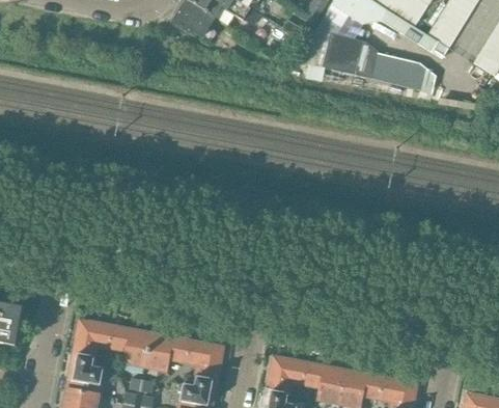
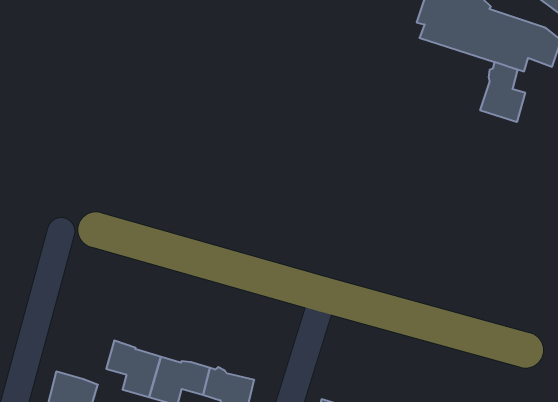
building: none -> [480,62,525,122]
building: [73,318,114,355] -> none

